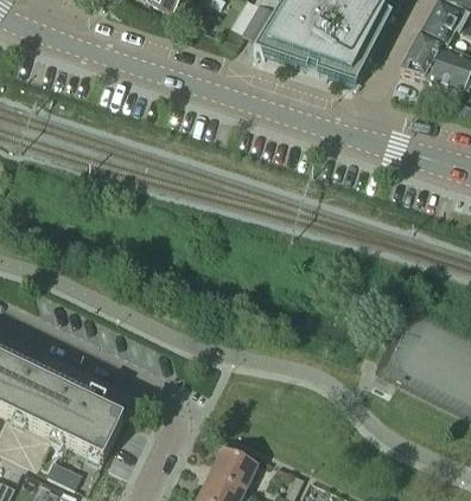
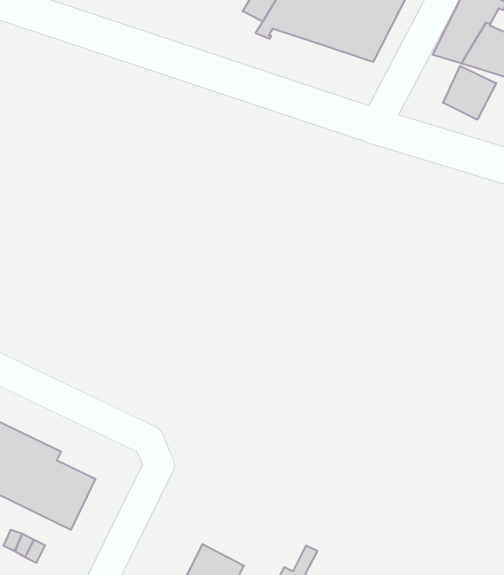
building: none -> [443,66,496,120]
building: [211,445,259,489] -> none

